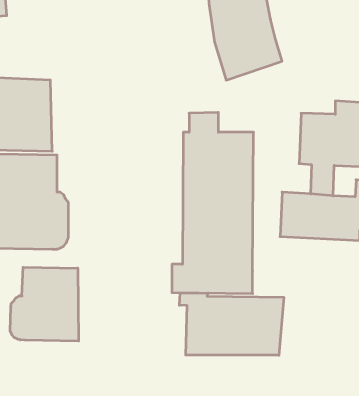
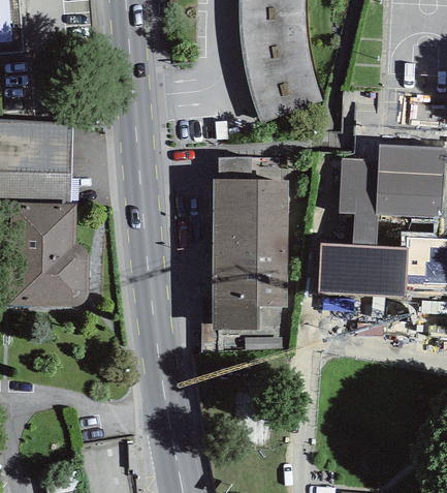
building: [10,267,79,341] -> none
building: [179,293,284,355] -> none

